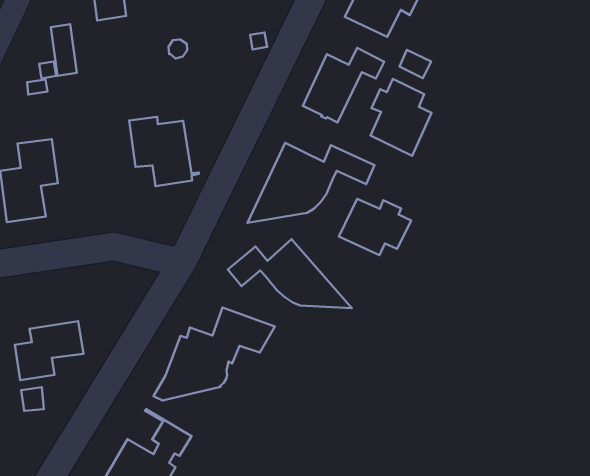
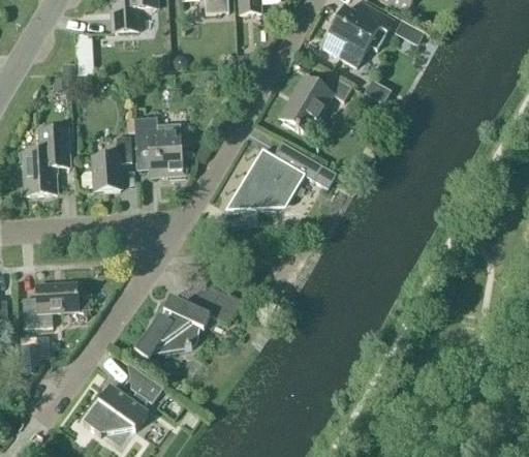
building: [371,79,432,156] -> none
building: none -> [81,135,131,191]
building: [339,199,411,255] -> none
building: [228,239,352,308] -> none

